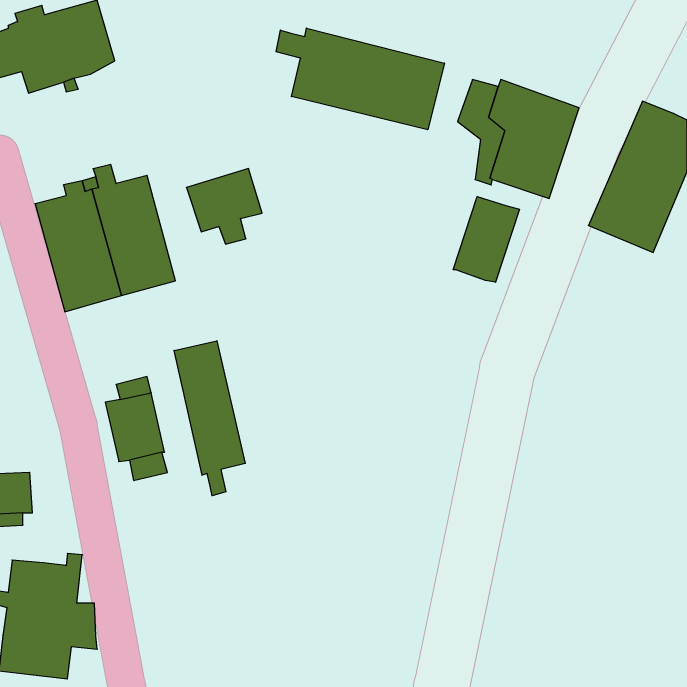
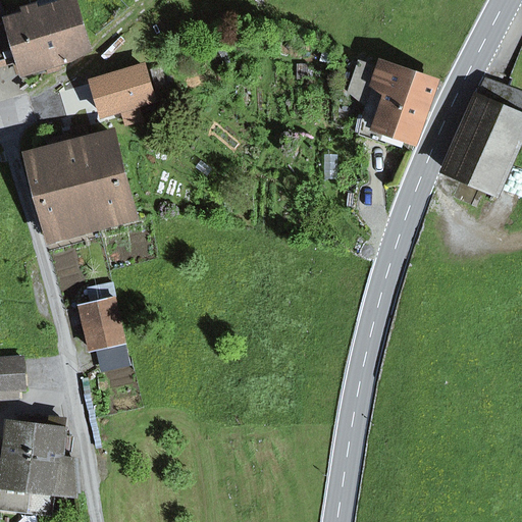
building: [276,28,444,130] -> none
building: [186,169,262,244] -> [96,65,153,122]
building: [453,197,519,282] -> none
building: [174,341,245,496] -> none

